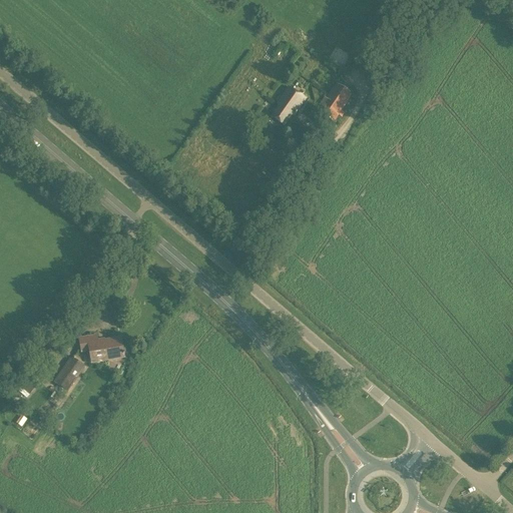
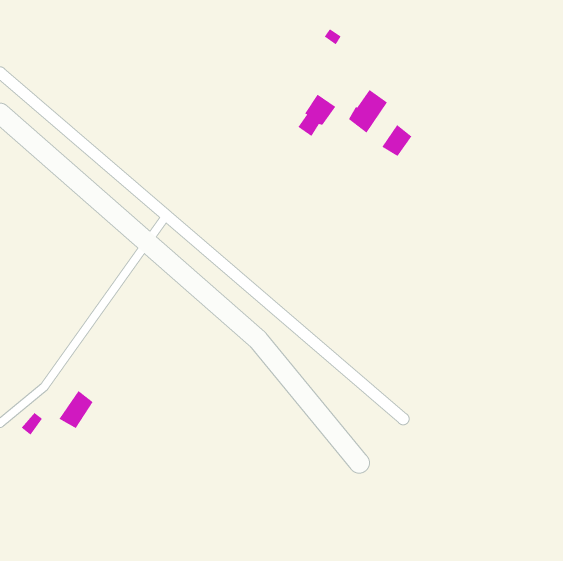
building: none -> [382,124,412,157]
building: [78,334,124,363] -> none

